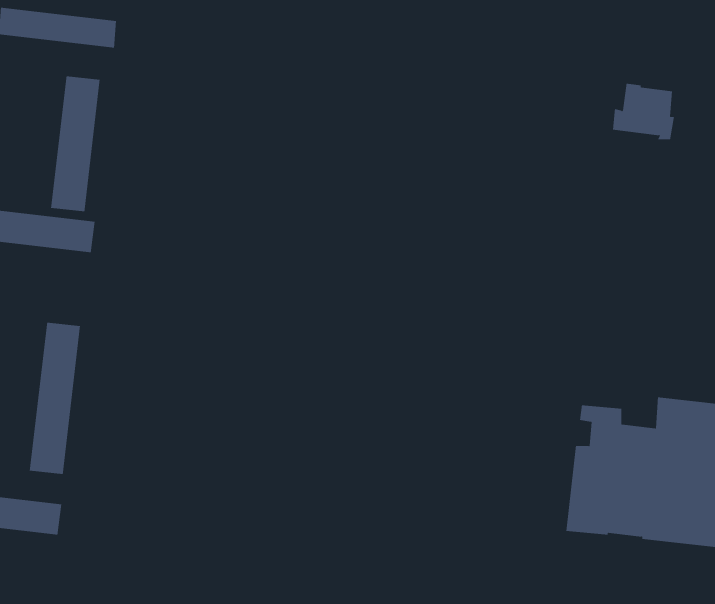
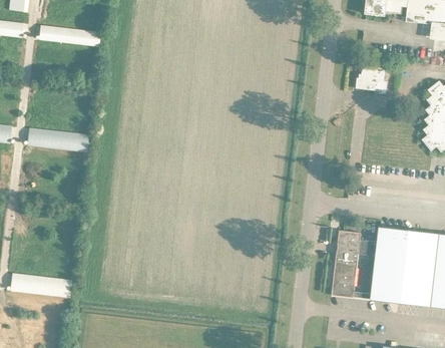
building: [51,75,100,212] -> none
building: [29,322,81,475] -> none

